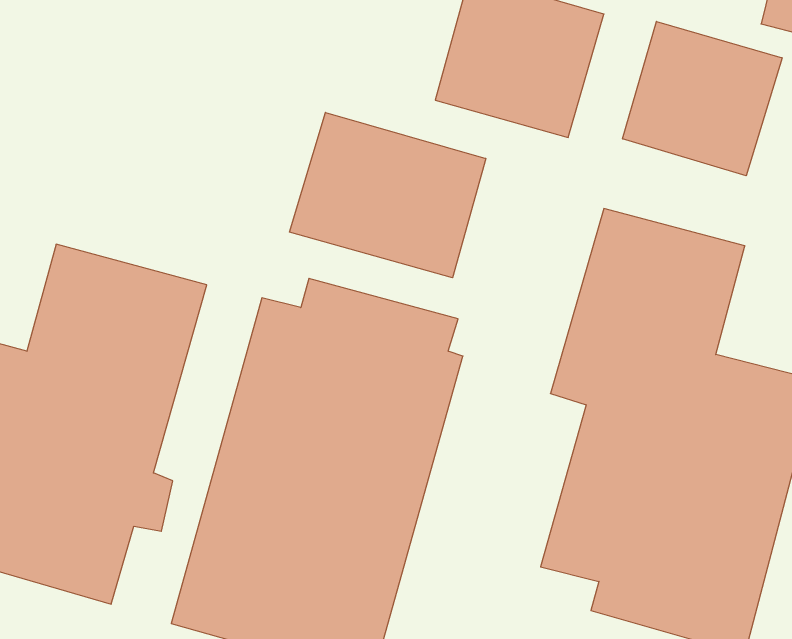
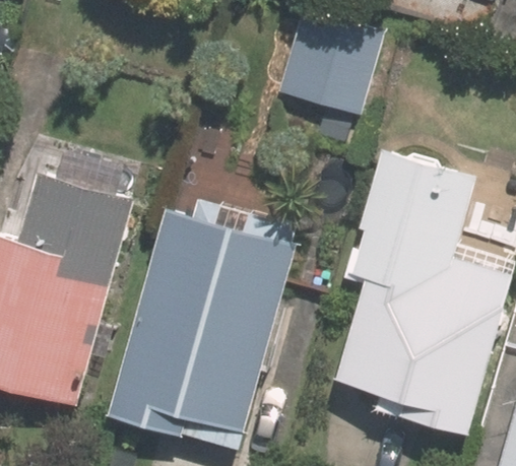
building: [623,21,782,176] -> none
building: [289,112,486,278] -> none

